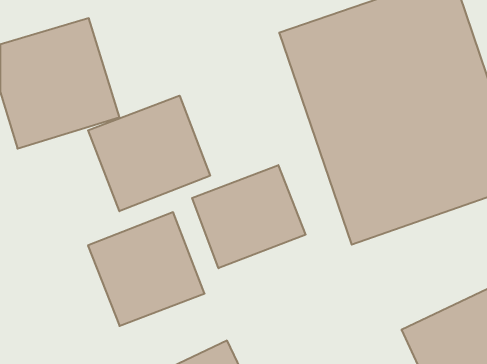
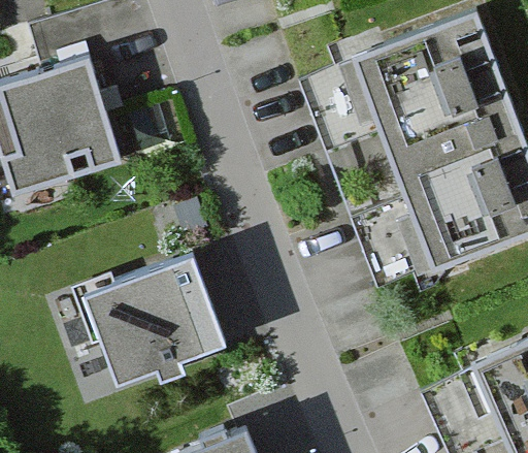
building: [88,96,210,211] -> none
building: [192,165,306,268] -> none

